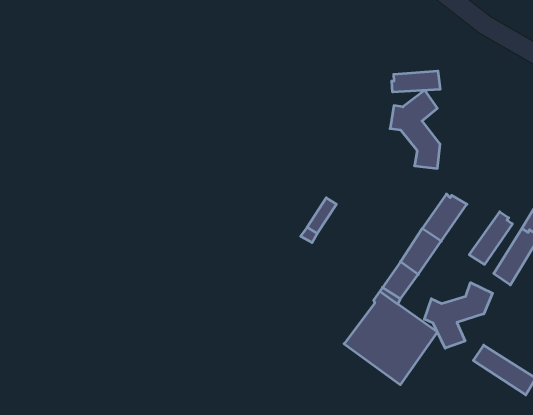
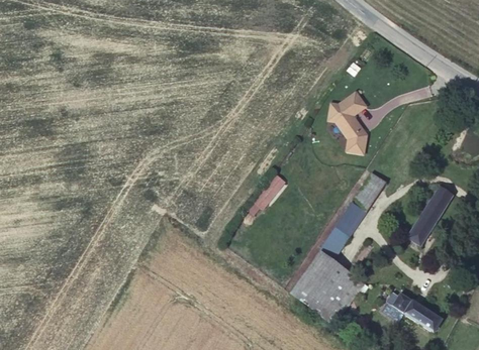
building: [392,71,440,92] -> none
building: [469,212,512,264] -> none
building: [424,283,493,348] -> none

